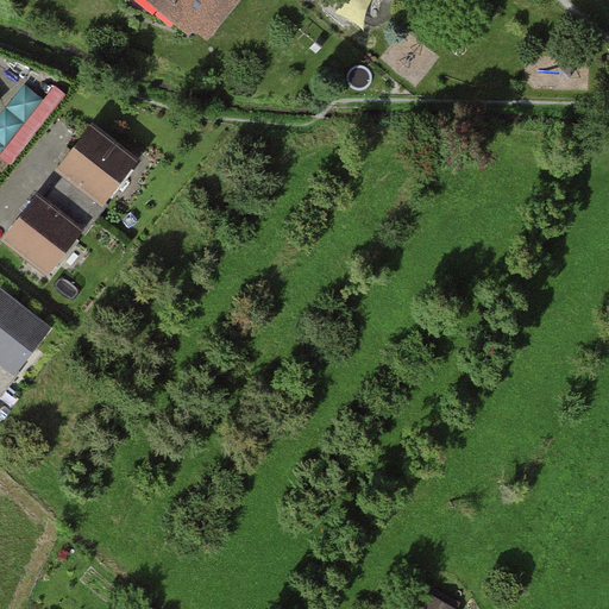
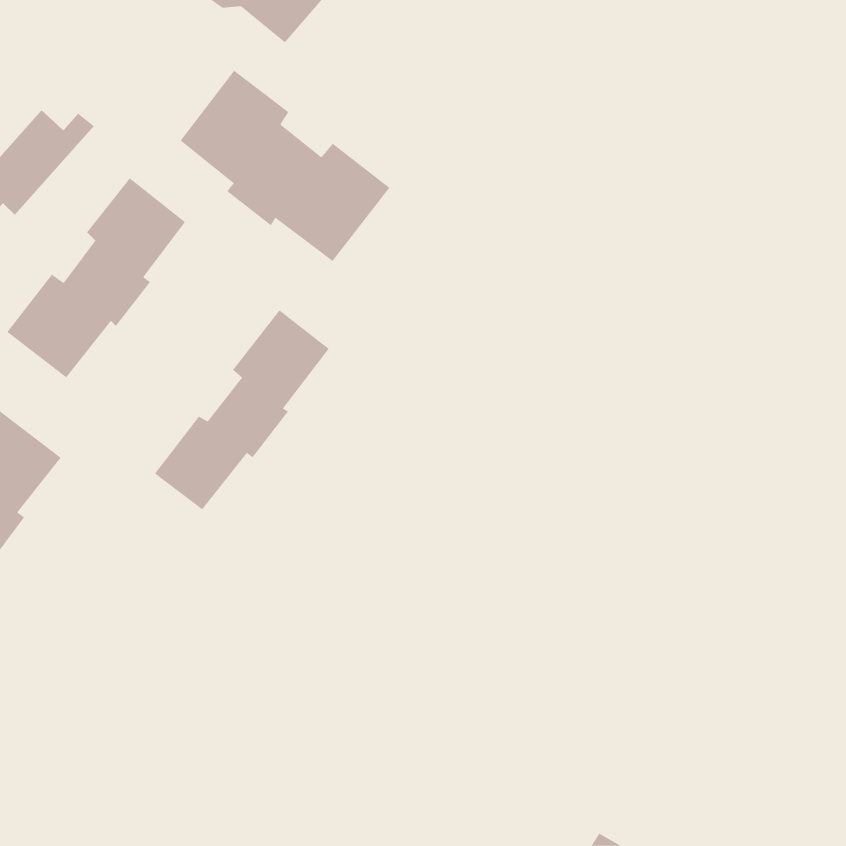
building: none -> [180,70,390,262]
building: none -> [154,310,330,510]

